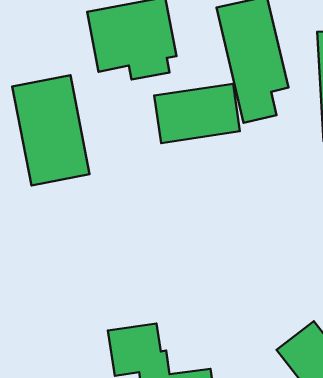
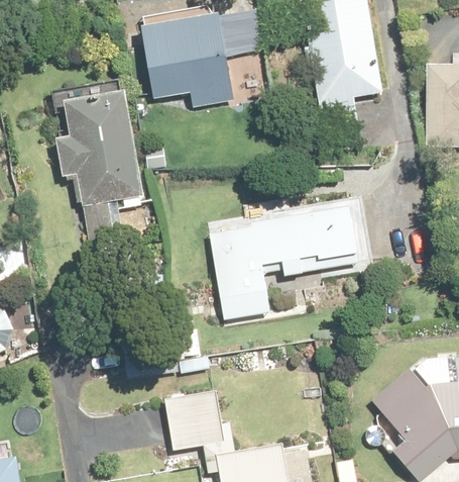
building: [154,84,240,143] -> none
building: none -> [203,215,359,327]

